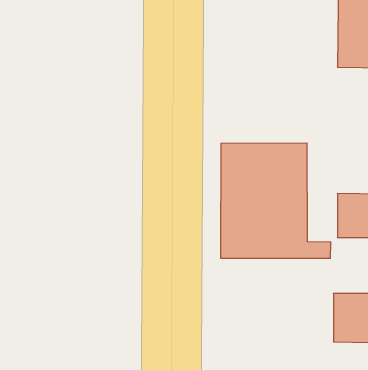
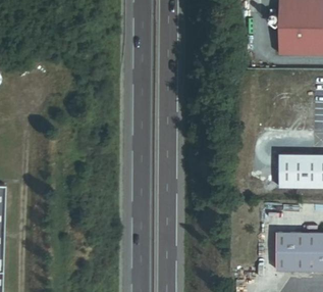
building: [221,143,330,258] -> none

